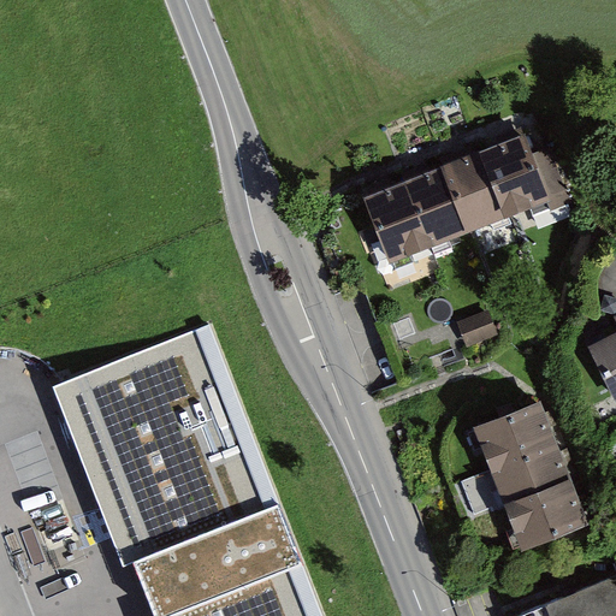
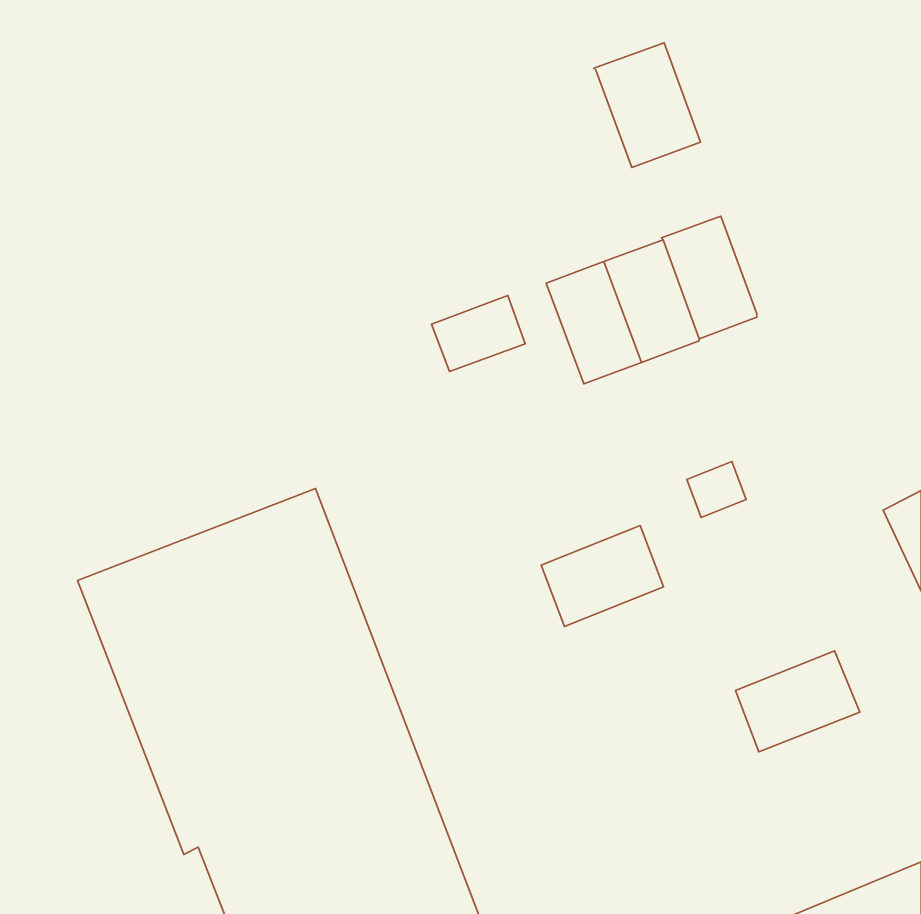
building: [480,131,551,214] -> [594,43,700,167]
building: none -> [431,296,525,372]
building: [475,398,557,466] -> [541,525,664,626]
building: [507,480,590,547] -> none

